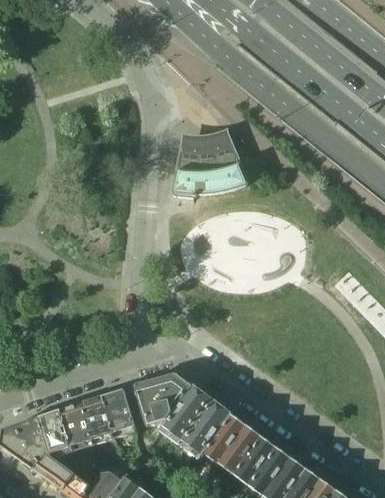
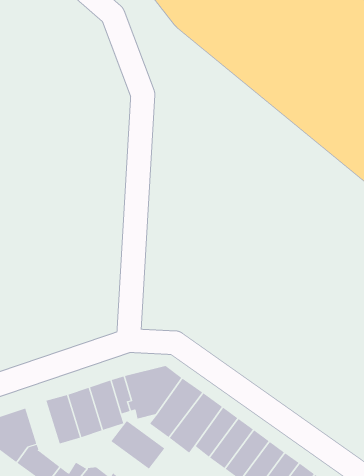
building: [172,139,246,197] -> none
building: [42,408,74,456] -> none
building: none -> [111,420,165,470]

